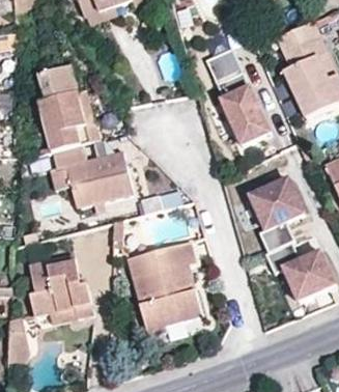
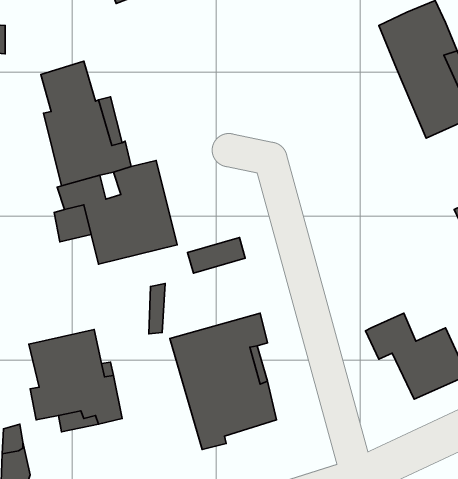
building: [205,48,266,146] -> none
building: [251,184,304,252] -> none

